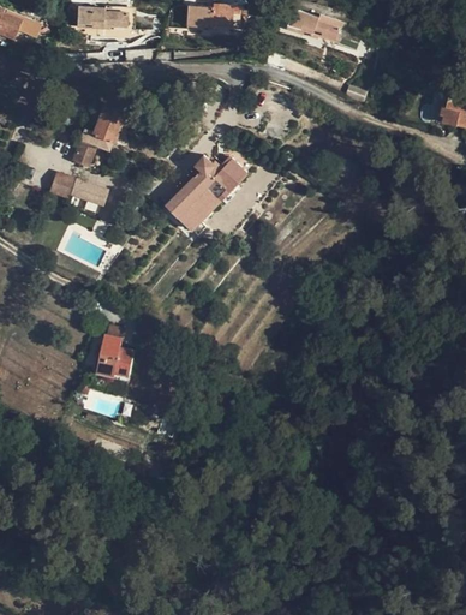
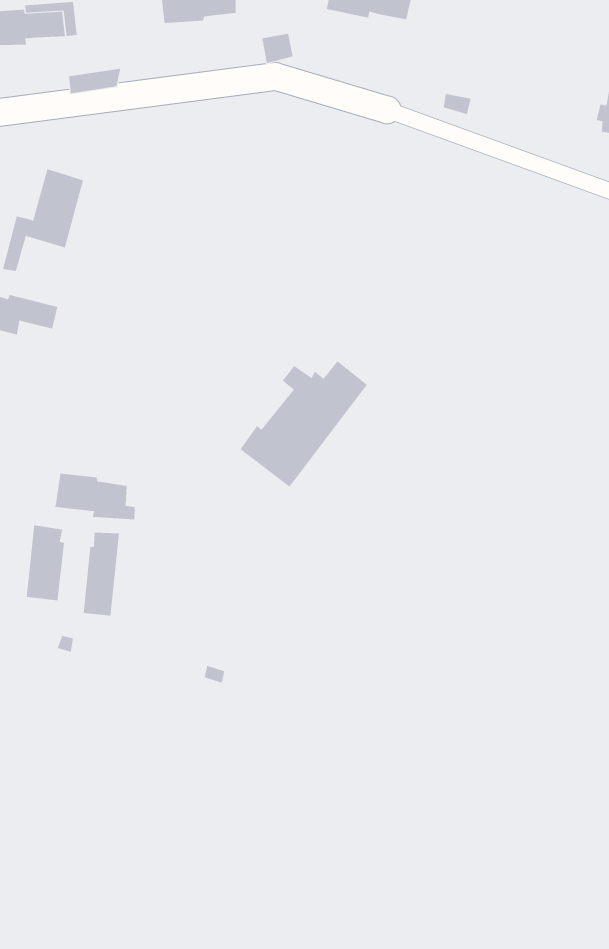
building: [165,159,246,232] -> [240,360,368,487]
building: none -> [55,473,135,520]
building: none -> [26,525,65,601]

